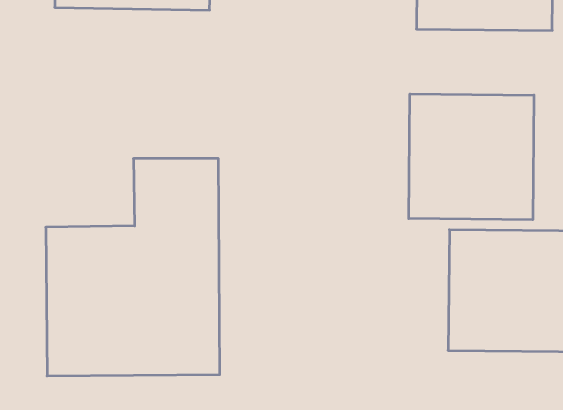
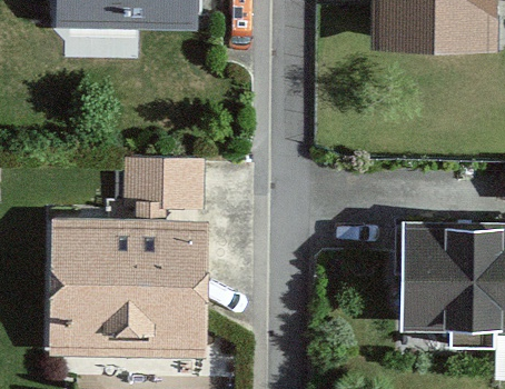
building: [409,94,534,220] -> none

